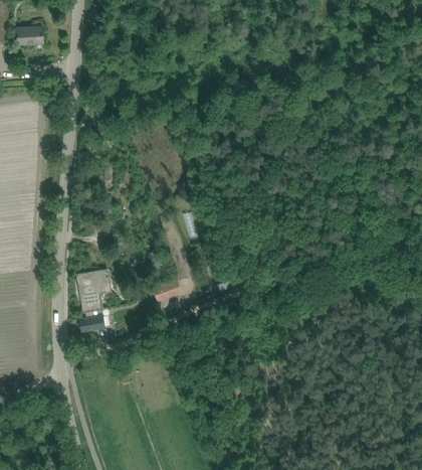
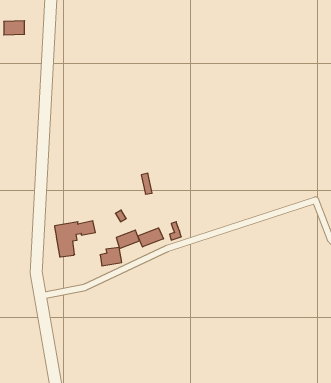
building: none -> [138,228,163,247]
building: [77,310,103,332] -> [100,247,122,266]

